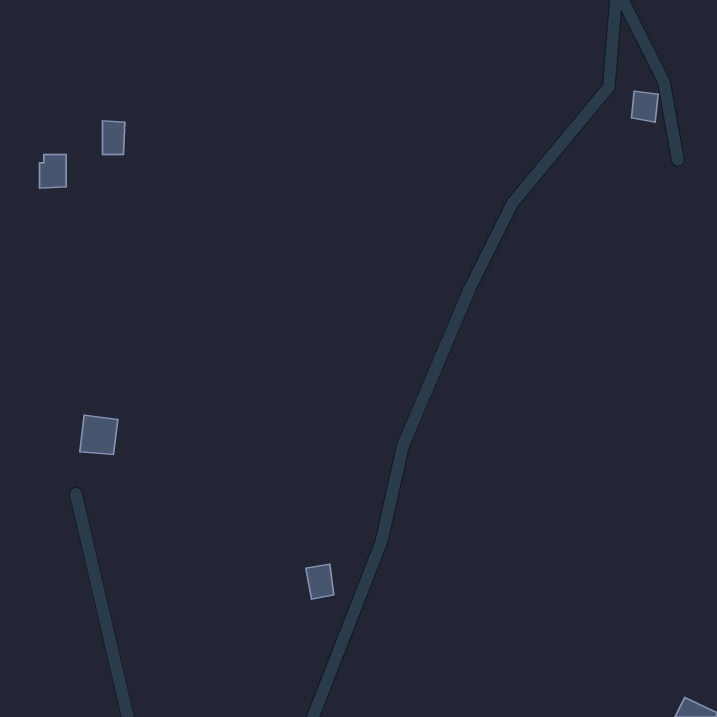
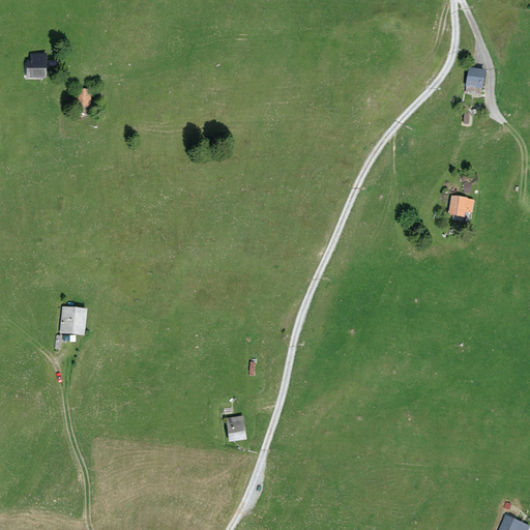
building: [40,154,66,188] -> [27,54,47,79]
building: none -> [448,196,475,217]

